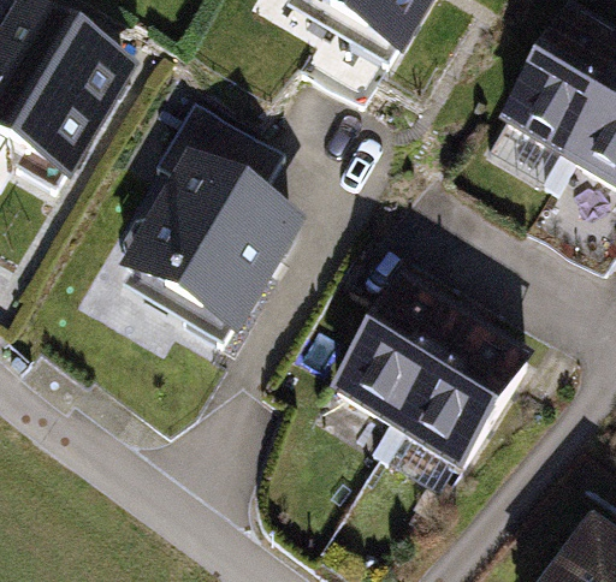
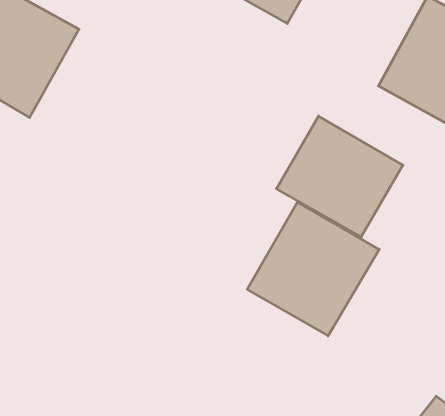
building: [122,108,304,335] -> none
building: none -> [276,116,403,237]

